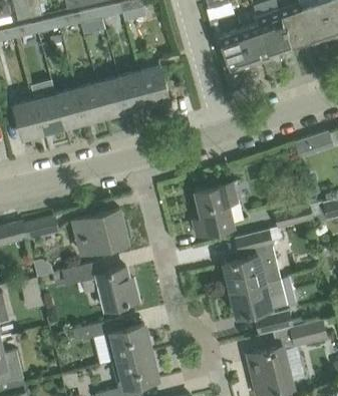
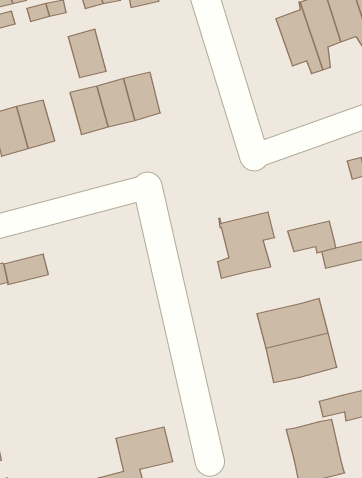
building: [219,30,252,85] -> none
building: [139,66,170,104] -> none
building: [55,88,85,126] -> [68,29,106,78]
building: [73,209,127,254] -> none
building: [235,230,273,255] -> [288,221,336,253]
building: [52,262,138,310] -> none
building: [256,311,292,335] -> none
building: [78,319,150,361] -> none

